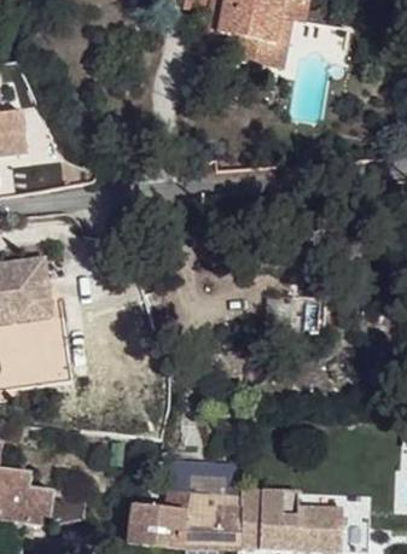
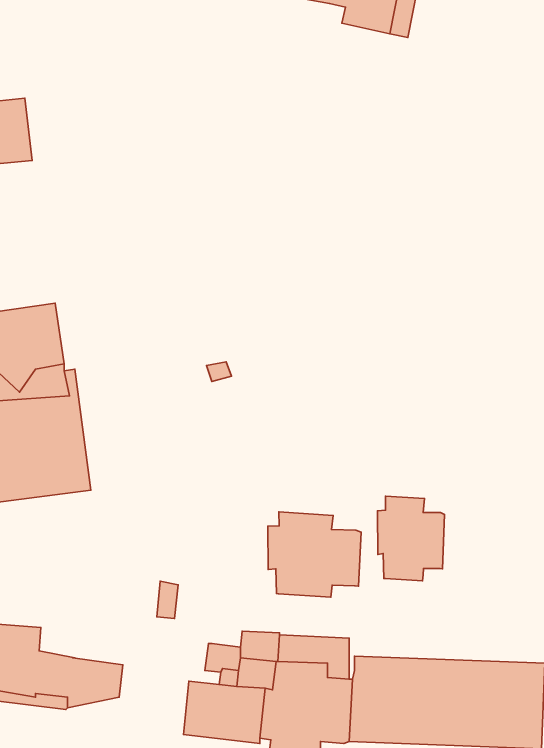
building: none -> [377,496,445,581]
building: none -> [268,512,361,597]

